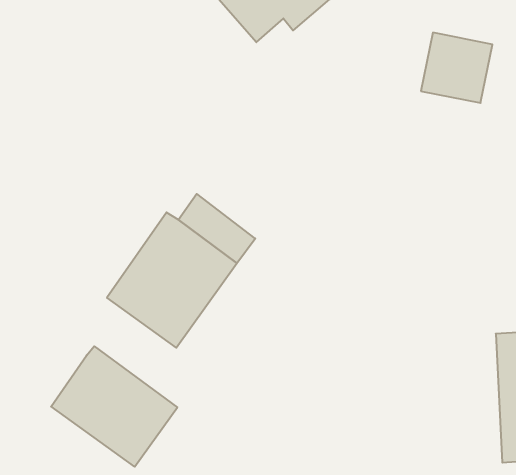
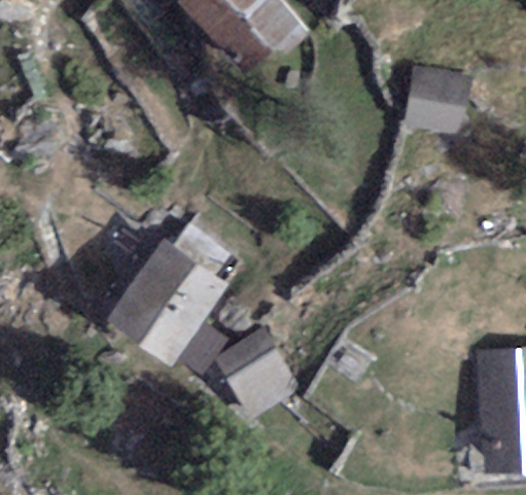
building: none -> [215,329,296,417]
building: [51,346,177,467] -> none

